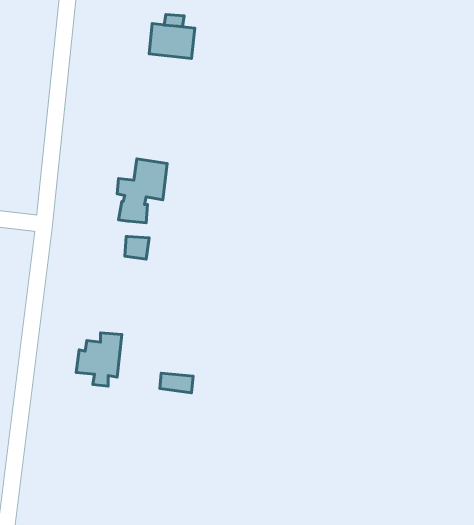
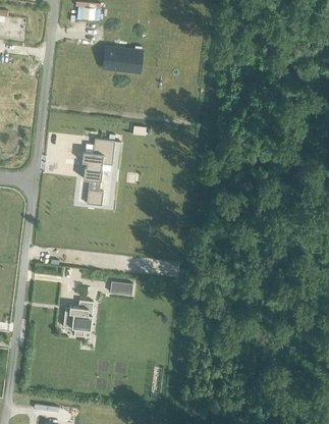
building: [76,333,122,386] -> [62,300,93,335]

